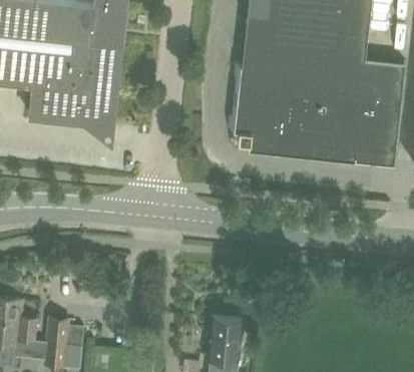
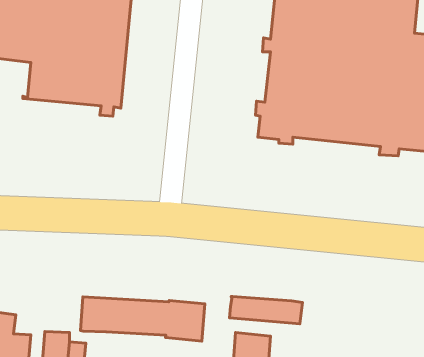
building: none -> [230,296,303,324]
building: none -> [81,297,205,341]

